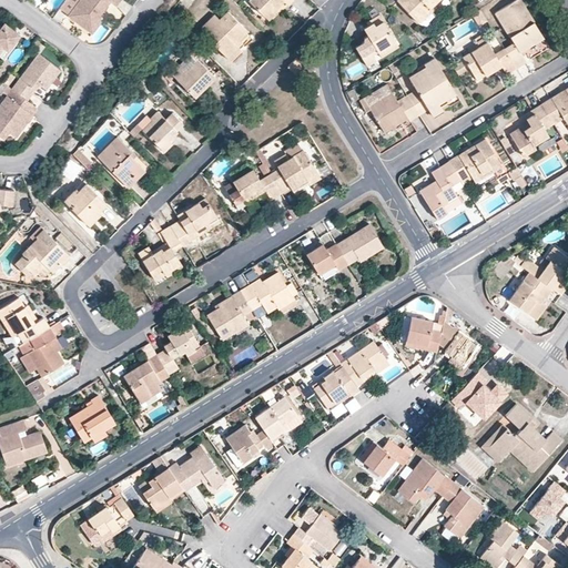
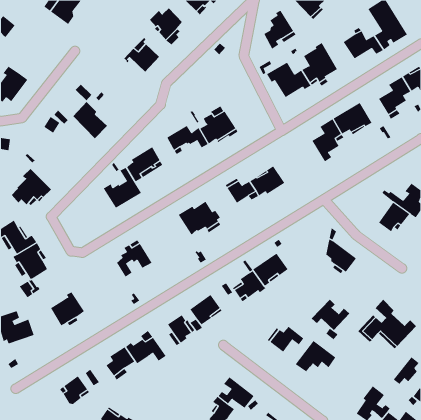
building: [11,54,61,101] -> none
building: [142,112,183,152] -> none
building: [63,183,106,226] -> none
building: [206,291,257,341] -> none
building: [405,317,440,353] -> none
building: [123,355,171,408] -> none
building: [453,374,506,417] -> [311,299,350,331]
building: [443,483,484,538] -> none

